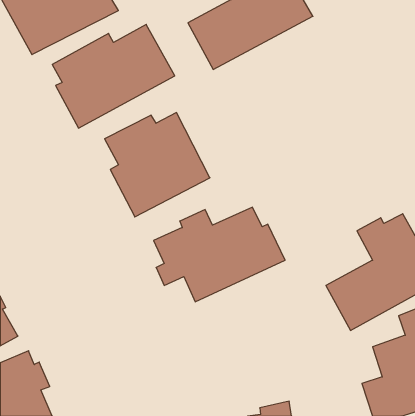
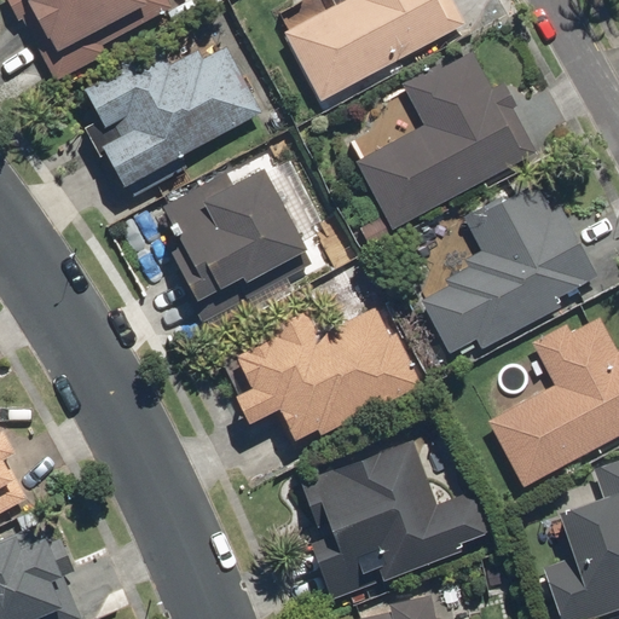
building: none -> [354,47,538,232]
building: none -> [417,179,598,354]
building: none -> [297,438,490,602]

